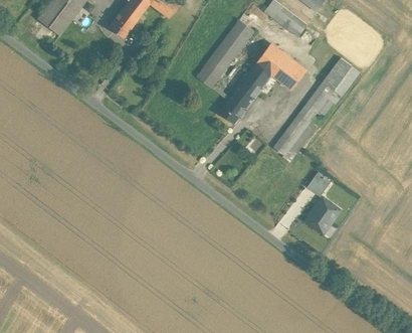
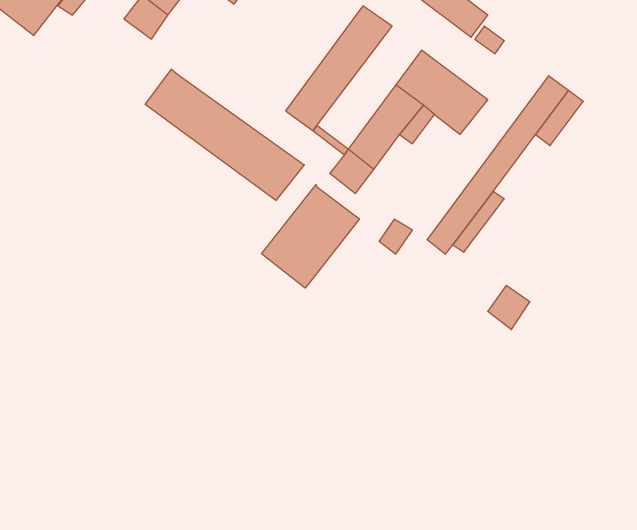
building: none -> [145,69,304,201]
building: none -> [262,185,359,288]
building: [305,197,340,232] -> none

